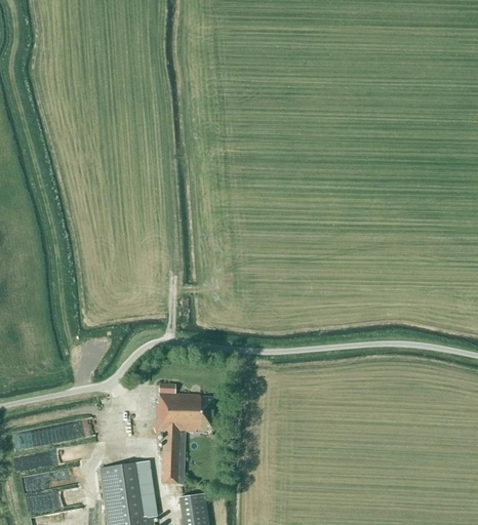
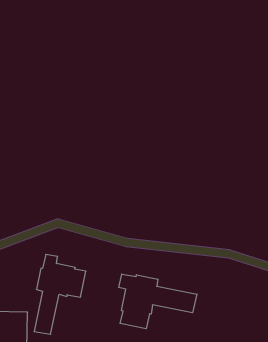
building: none -> [119,274,197,329]

